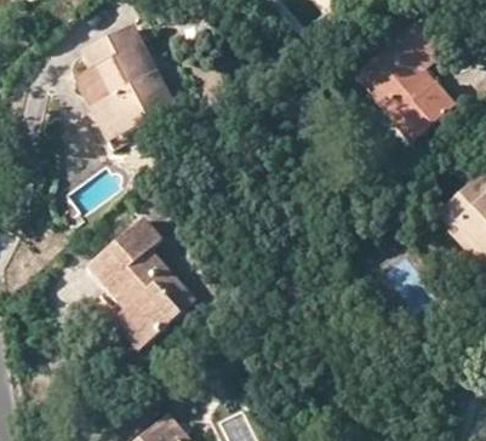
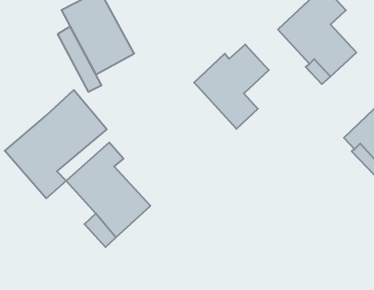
building: none -> [194,44,269,129]
building: none -> [5,90,107,198]

